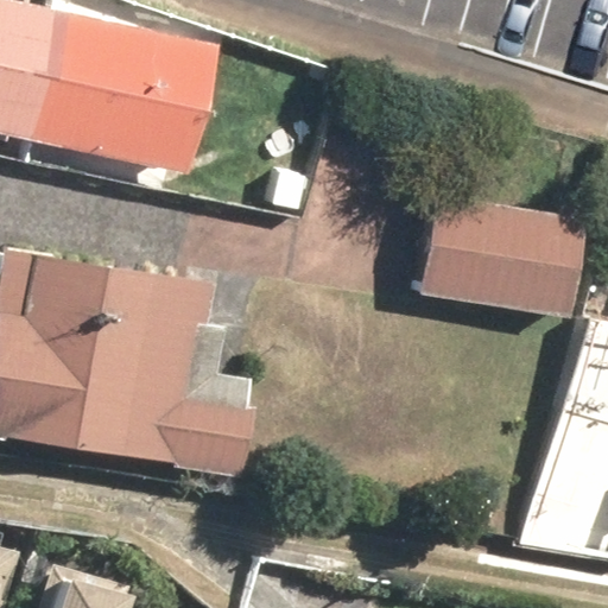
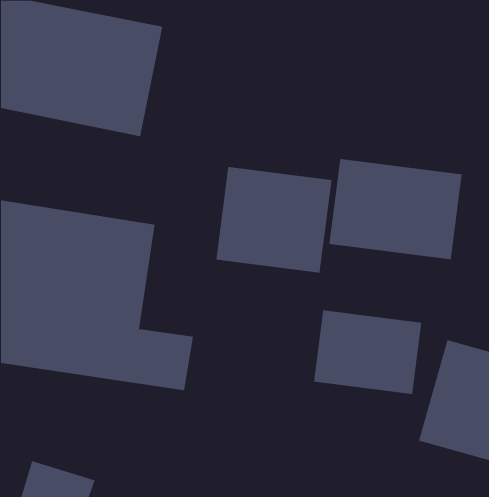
building: none -> [216,166,332,274]
building: none -> [313,310,422,395]

